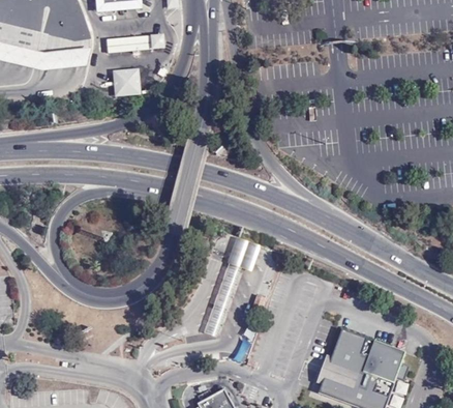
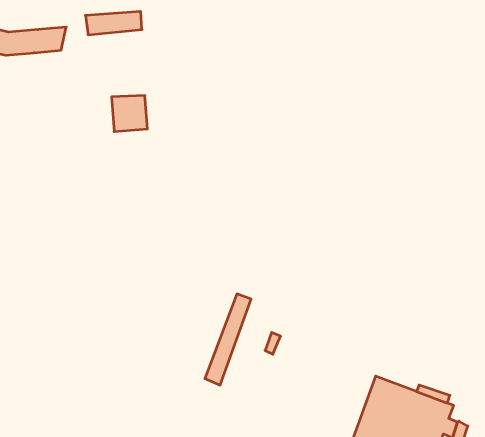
building: [112,67,141,96] -> [112,96,147,132]

